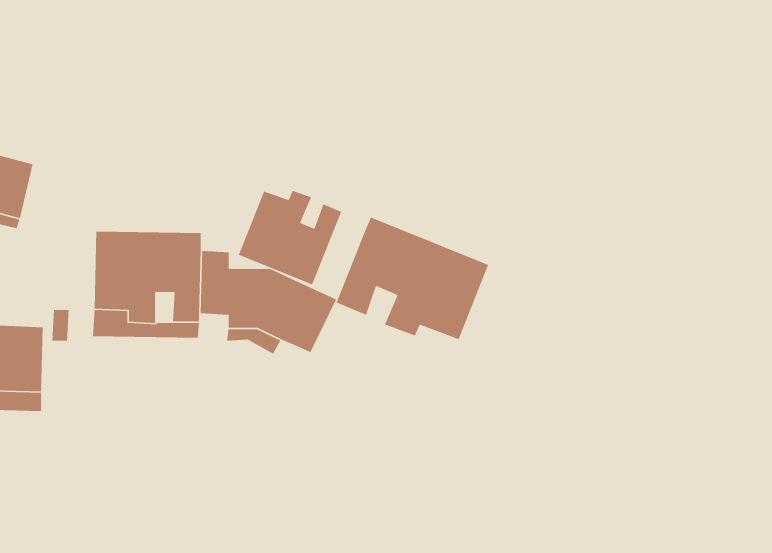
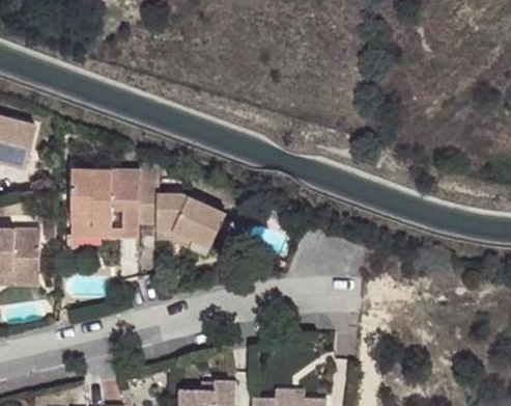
building: [238,190,342,285] -> none
building: [336,216,489,340] -> none

